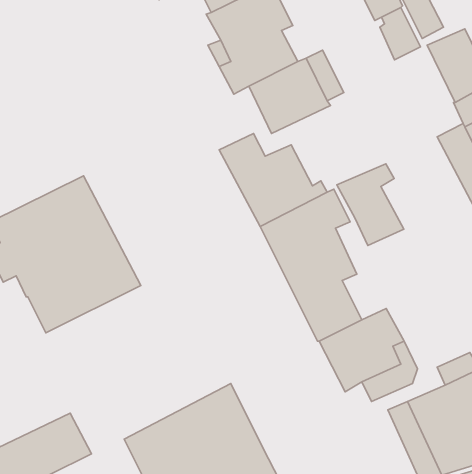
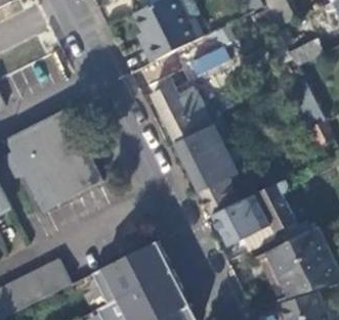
building: [337,164,404,246] -> [254,180,296,231]

